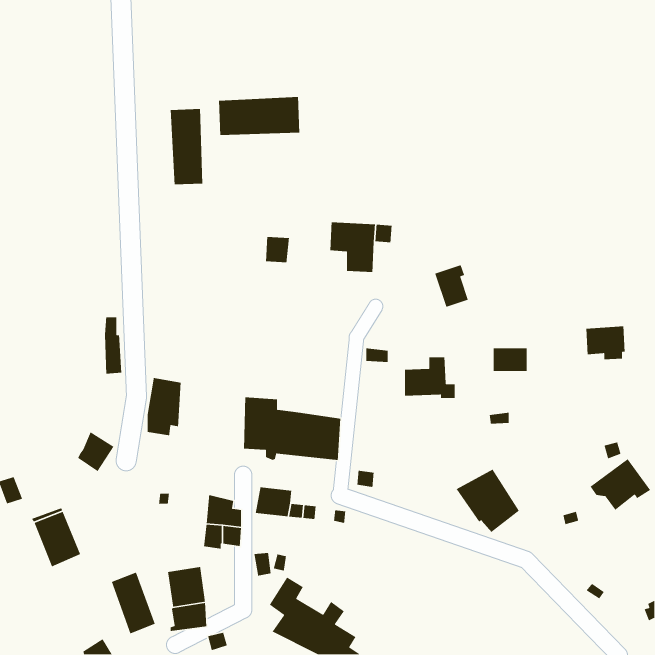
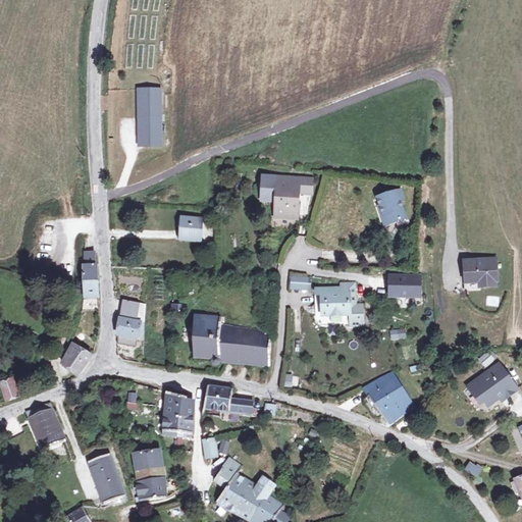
building: [218,96,300,136] -> none
building: [265,236,290,263] -> [180,217,200,239]
building: [434,264,469,308] -> [376,189,404,223]

